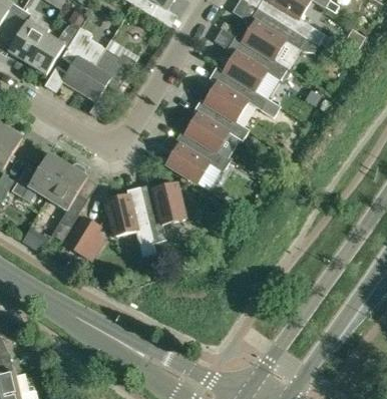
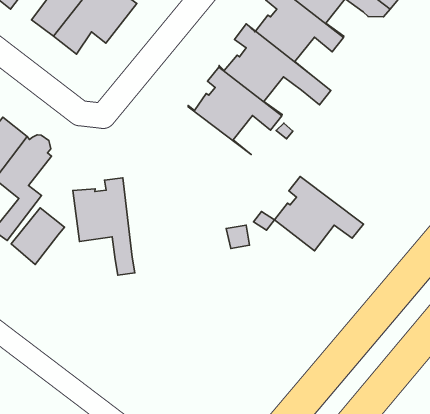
building: [165,130,230,182] -> [275,177,363,251]
building: [139,182,184,243] -> none

